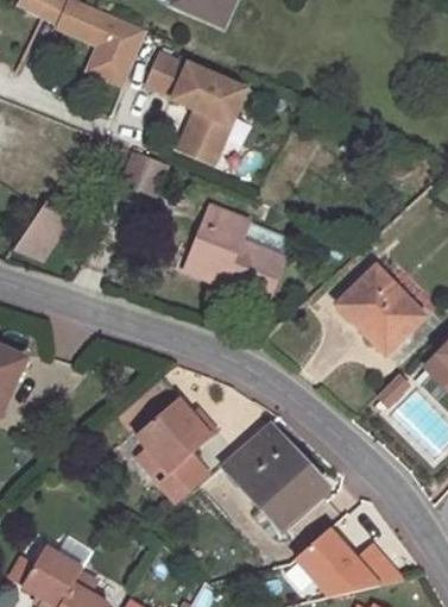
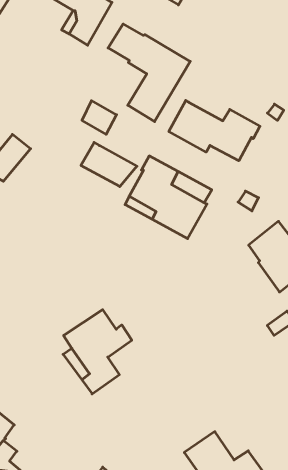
building: none -> [169,100,260,161]
building: none -> [81,142,137,187]
building: [220,419,329,527] -> none

